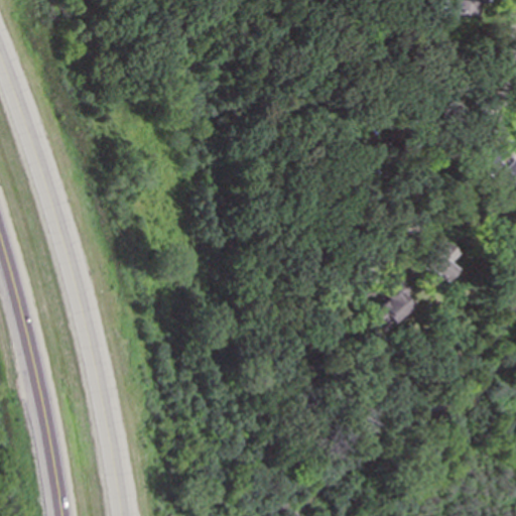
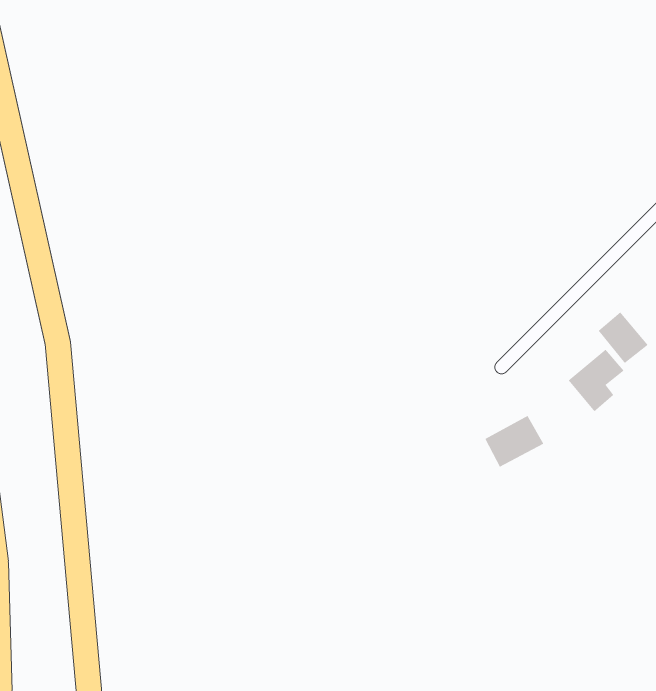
building: none -> [598,312,649,364]

